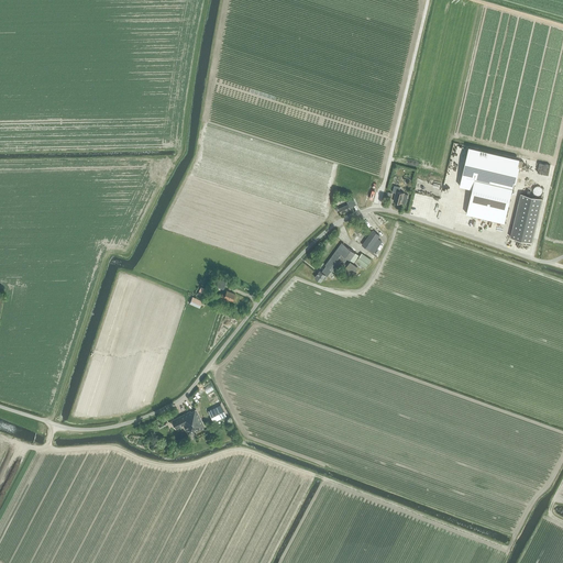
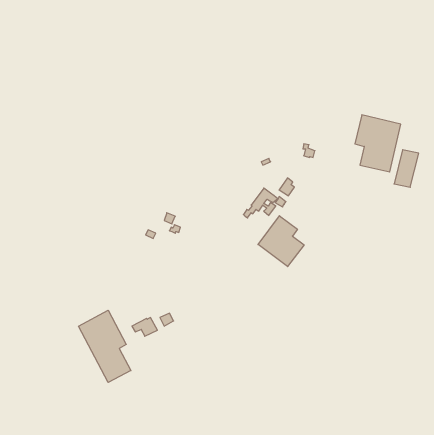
building: none -> [258,216,304,267]
building: none -> [79,310,131,382]

